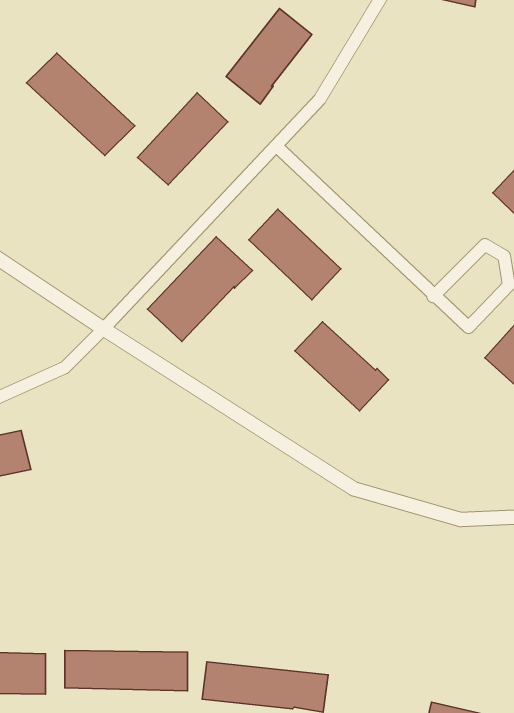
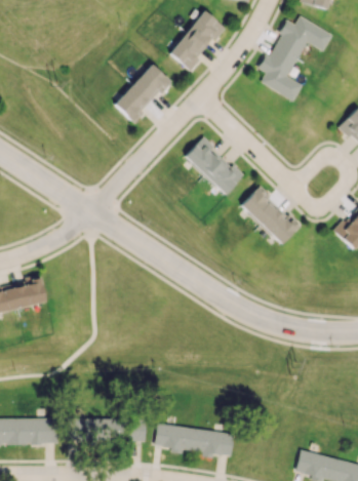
building: none -> [258,16,333,101]
building: [27,53,135,155] -> none
building: [147,237,253,341] -> none
building: [295,322,389,411] -> [241,188,301,244]

